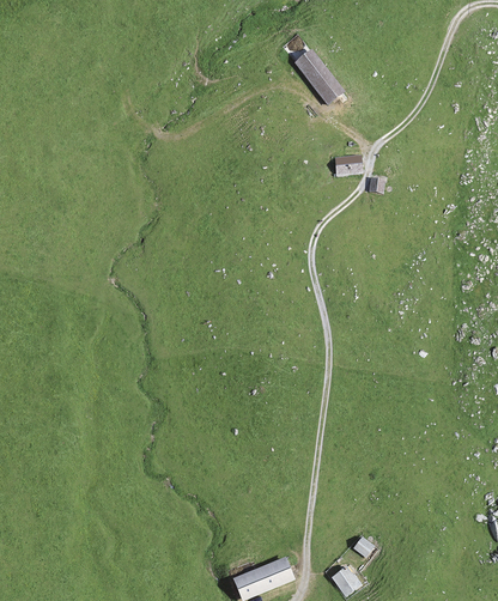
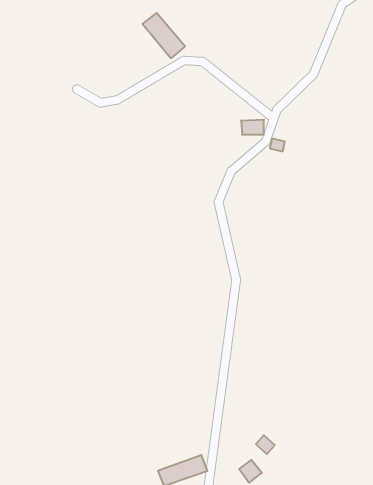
building: [294,49,346,104] -> [143,13,185,58]

